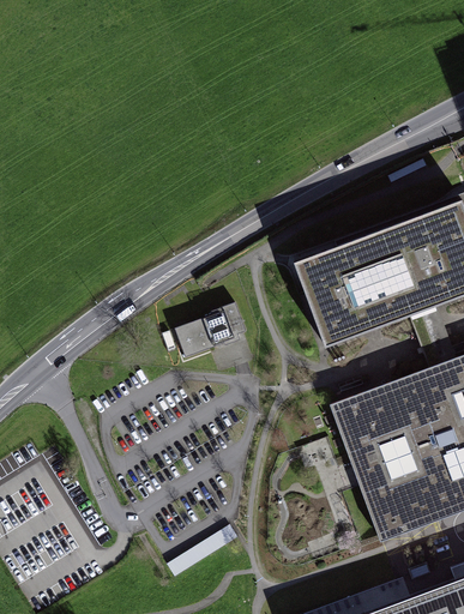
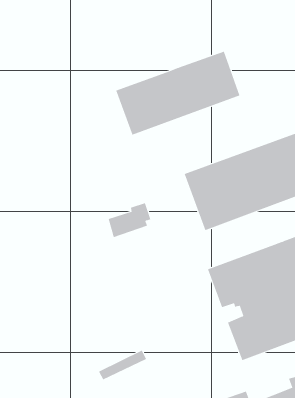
building: none -> [115,51,240,136]

